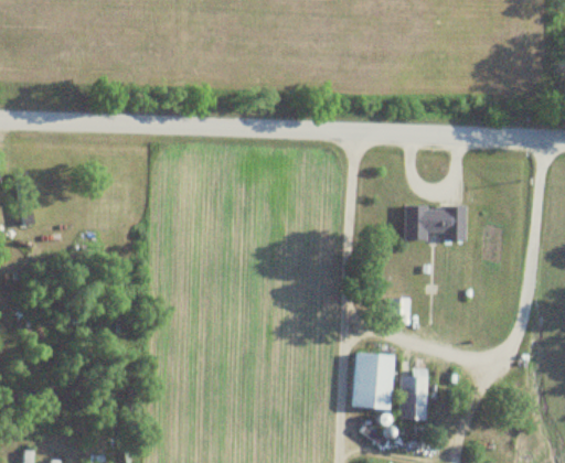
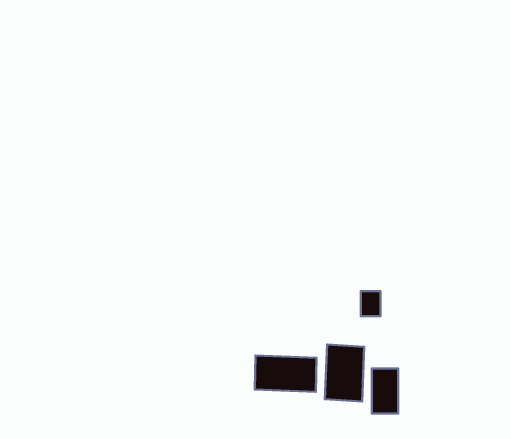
building: [404,205,467,240] -> none
building: none -> [255,355,317,392]

